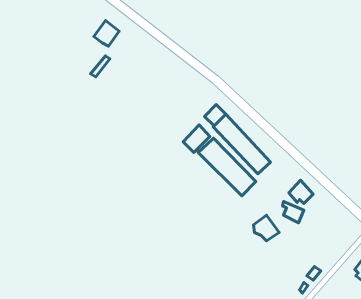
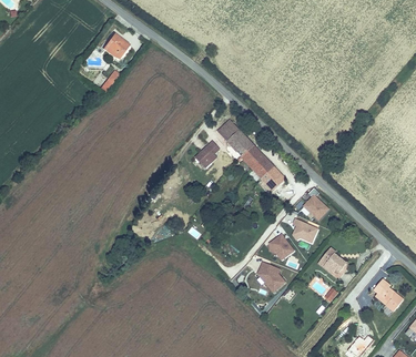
building: [198,138,256,196] -> none
building: none -> [318,247,351,279]
building: none -> [257,262,286,294]

